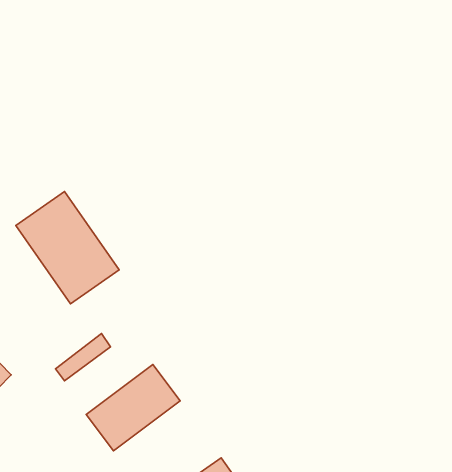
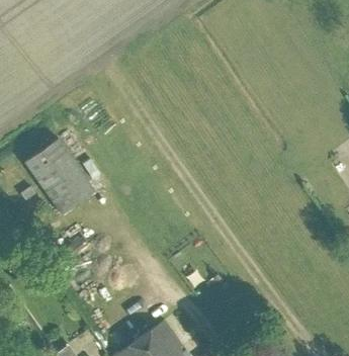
building: [86,365,180,451] -> none

